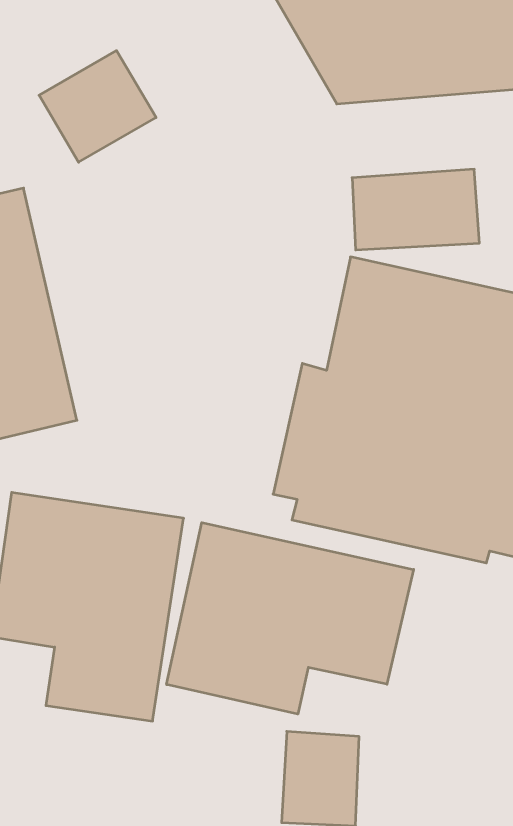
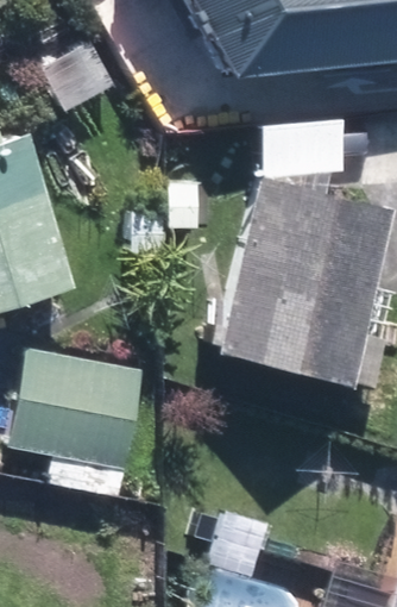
building: [167,523,414,714] -> none

